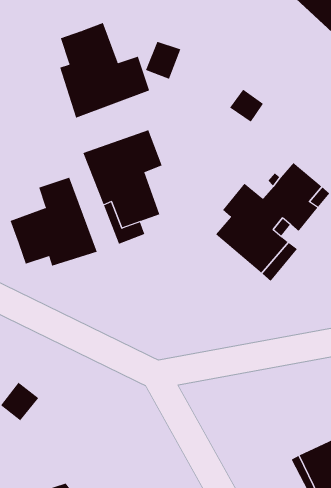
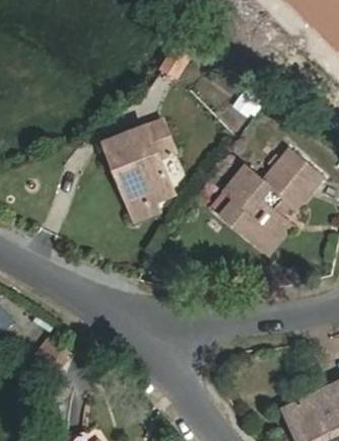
building: [59,22,150,119] -> none
building: [10,177,98,267] -> none

